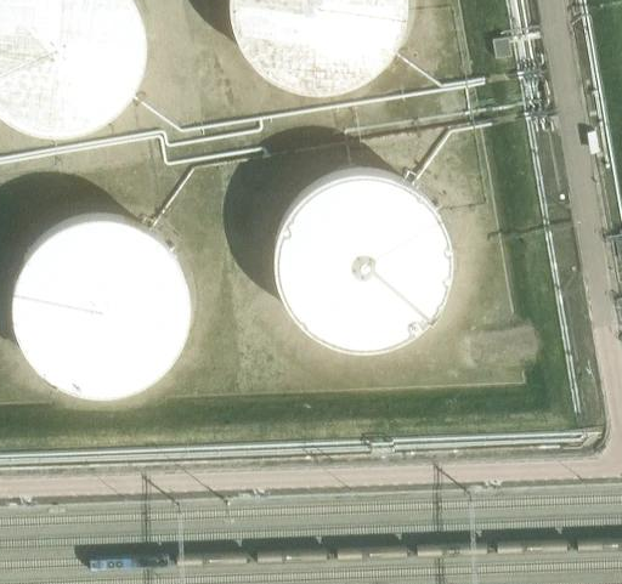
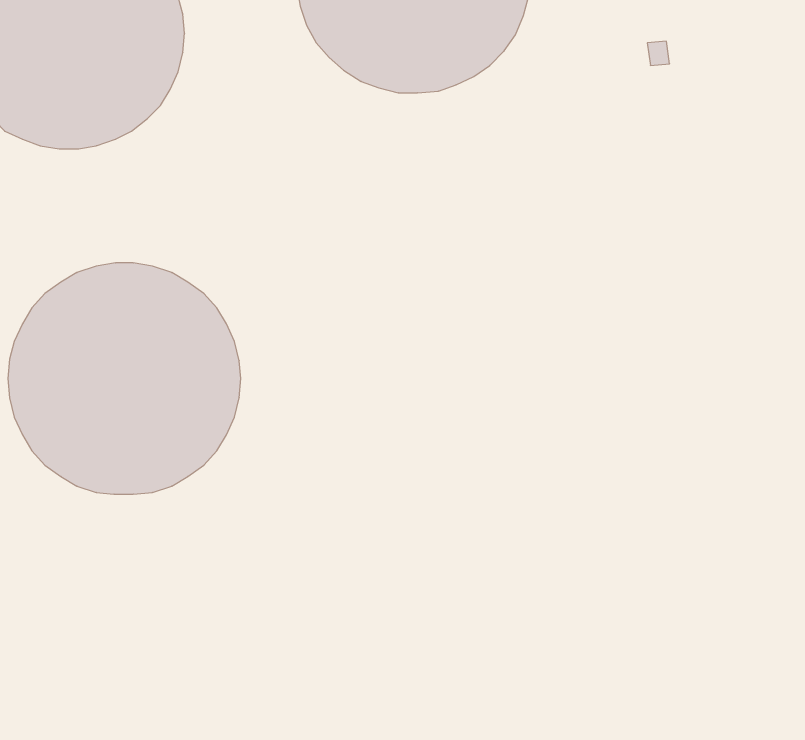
building: [270,172,451,353] -> none

